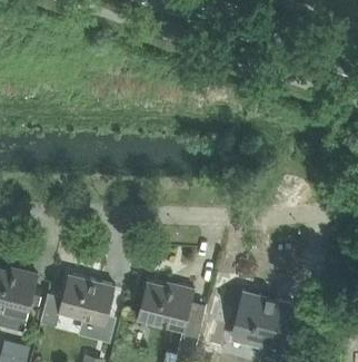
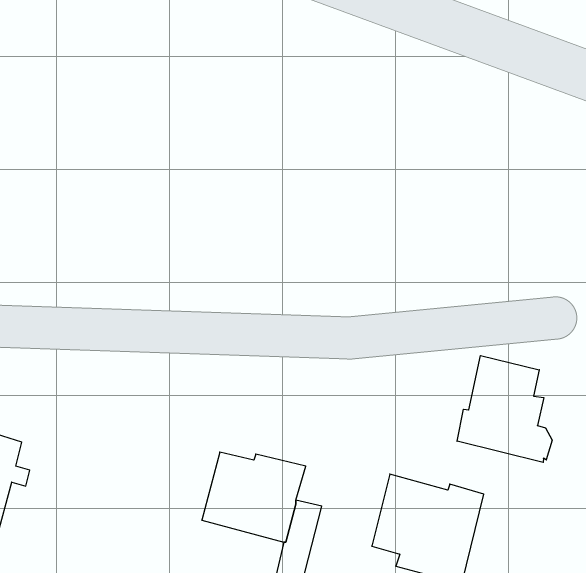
building: none -> [457,356,552,462]
building: [40,274,115,326] -> none

